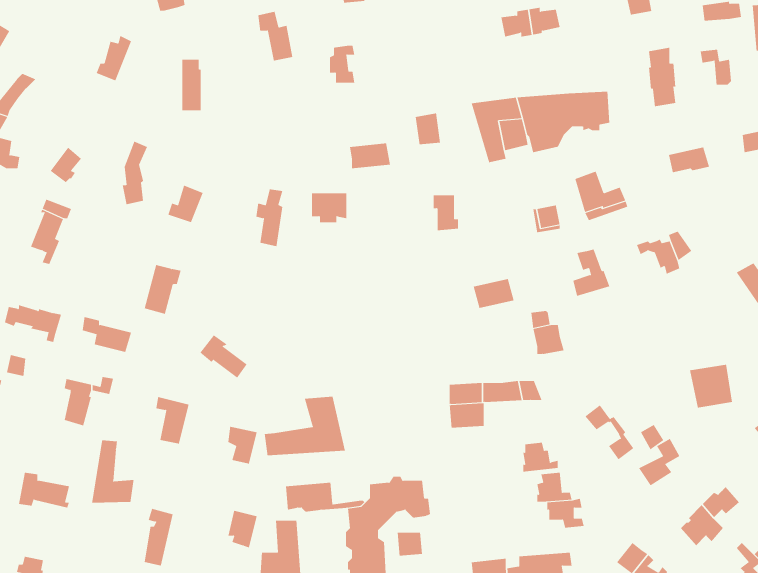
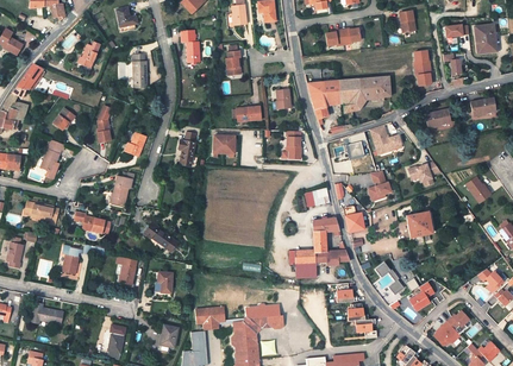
building: none -> [311,217,340,250]
building: [689,364,733,408] -> [402,212,428,238]
building: [264,396,346,456] -> none
building: [91,440,134,503] -> none

